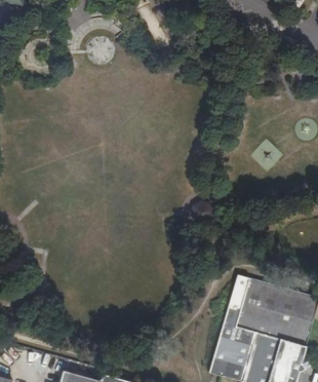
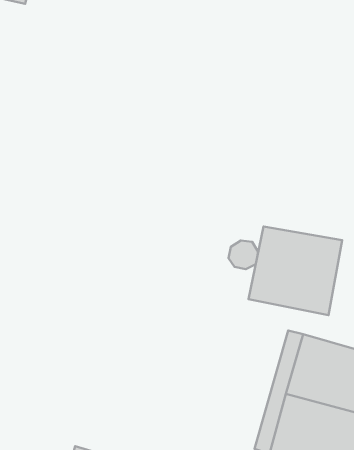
building: none -> [249,227,342,315]

